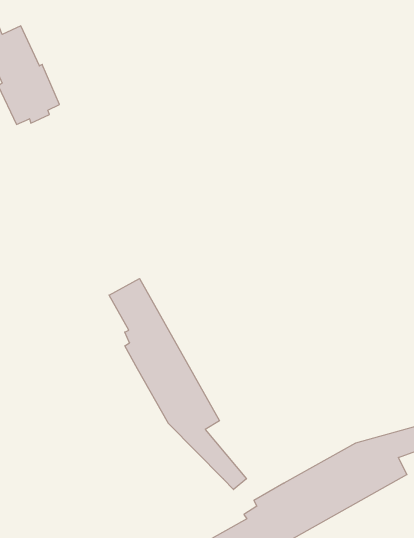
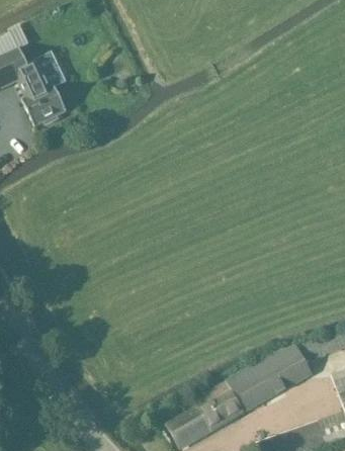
building: [109,279,246,490] -> none

